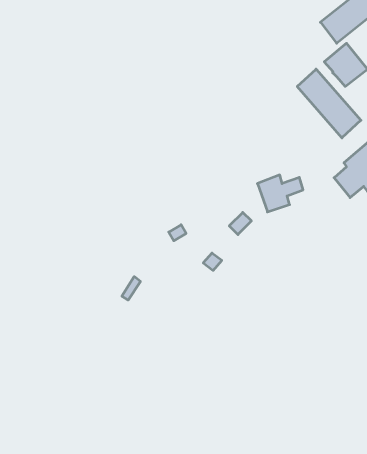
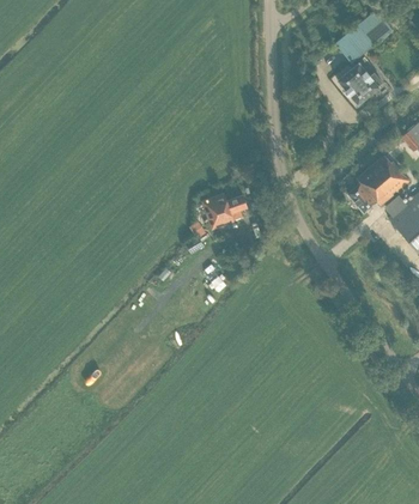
building: [297,69,361,138] -> none
building: [257,175,303,212] -> [202,194,247,230]

